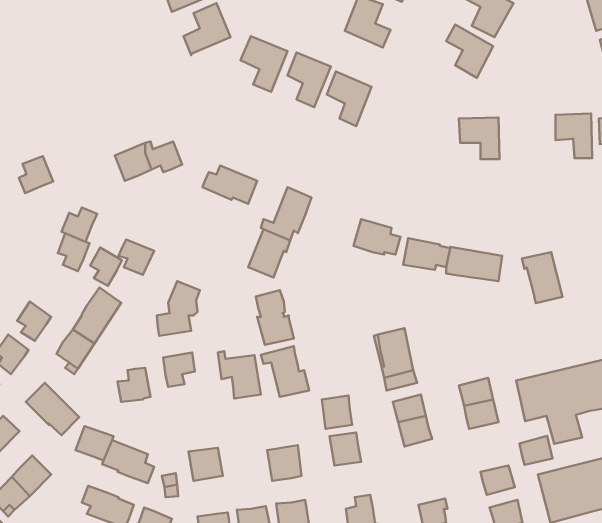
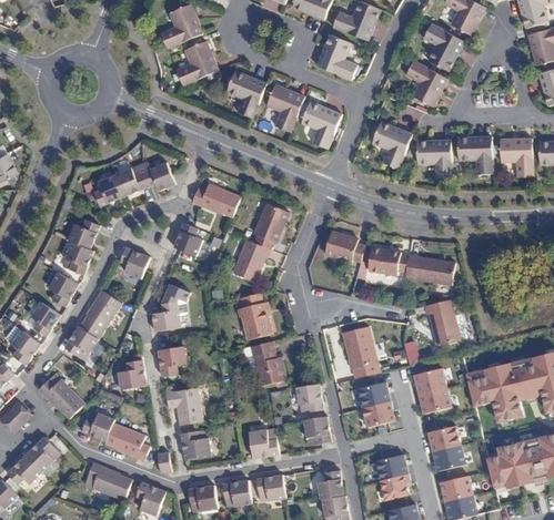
building: none -> [371,121,412,169]
building: none -> [457,136,493,173]
building: [19,156,53,193] -> [94,174,124,206]
building: none -> [173,223,200,255]
building: [90,248,122,286] -> [50,273,78,306]
building: [522,252,562,303] -> [424,299,460,344]
building: [218,351,261,398] -> [164,384,202,425]
building: [519,436,552,465] -> [431,425,460,450]
building: none -> [375,453,404,479]

